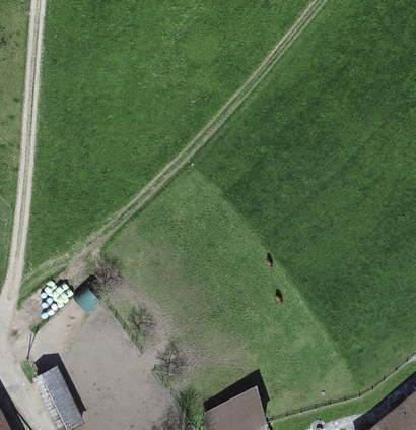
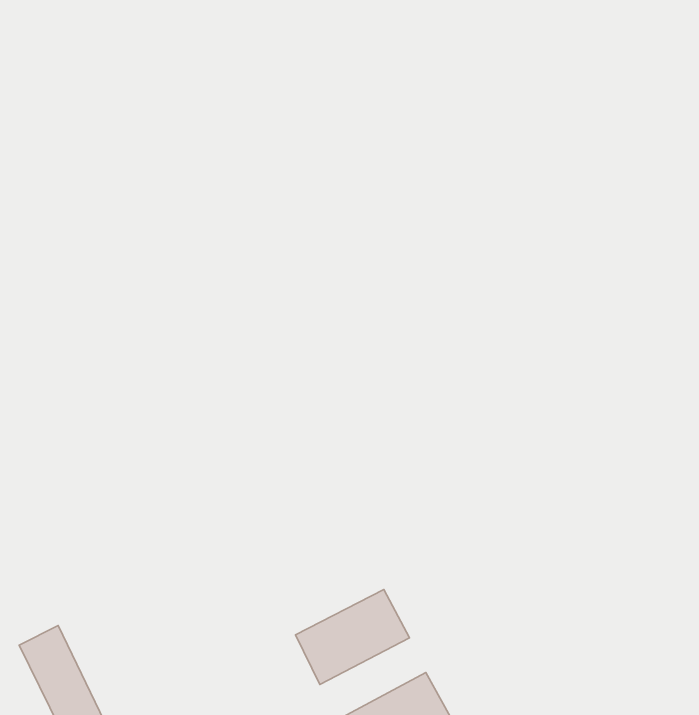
building: none -> [295,589,409,685]

